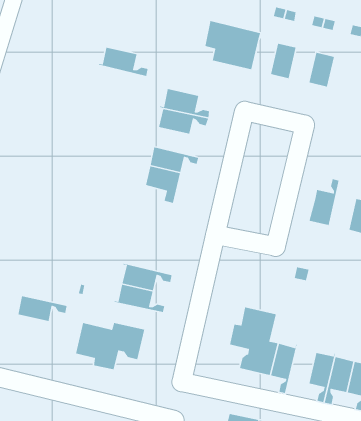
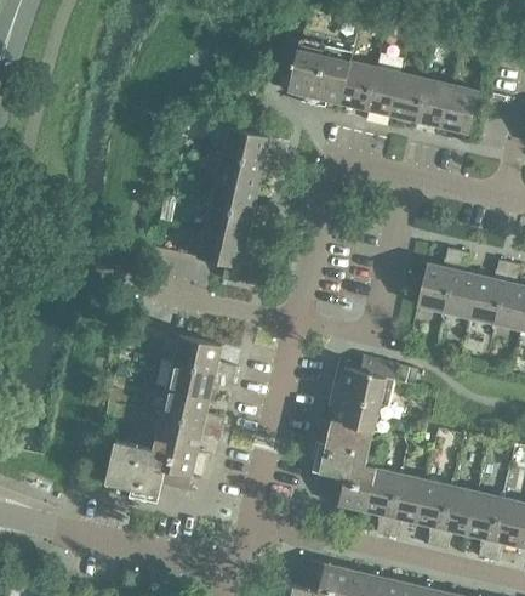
building: none -> [339,62,373,109]
building: [98,47,149,77] -> [204,180,272,220]
building: none -> [389,73,424,120]
building: none -> [440,85,478,132]
building: none -> [441,250,478,317]
building: none -> [167,336,235,376]
building: none -> [330,357,396,433]
building: [17,295,68,322] -> [155,413,222,449]
building: none -> [384,469,424,538]

